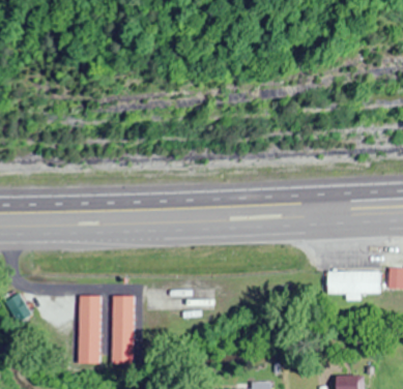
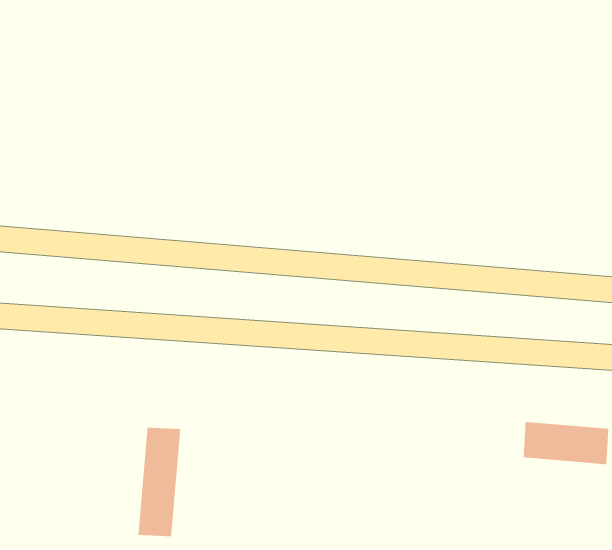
building: [79,298,100,360] -> none

